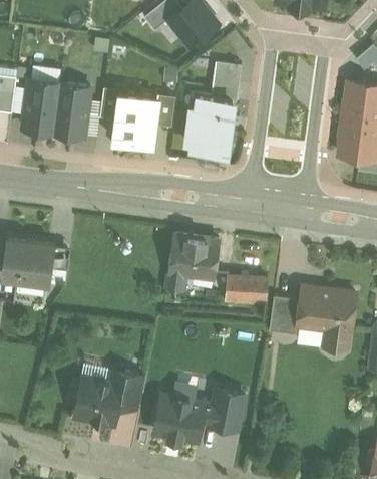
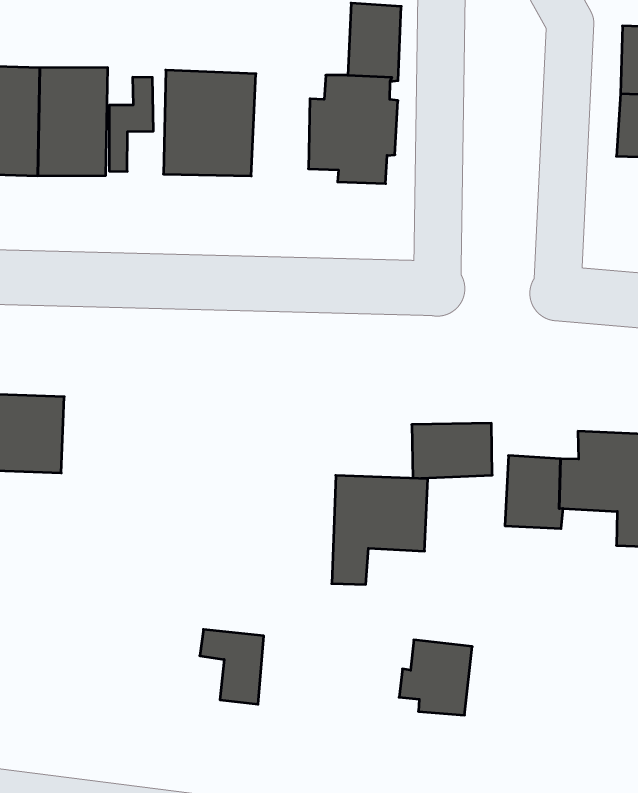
building: [165,236,219,292] -> [332,475,428,584]
building: [74,378,121,424] -> none
building: [157,390,211,439] -> none

